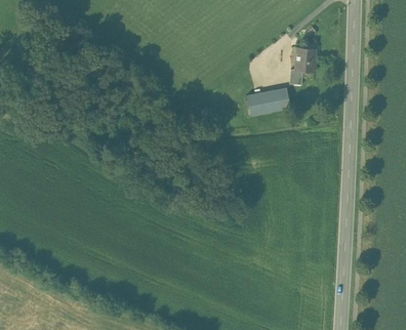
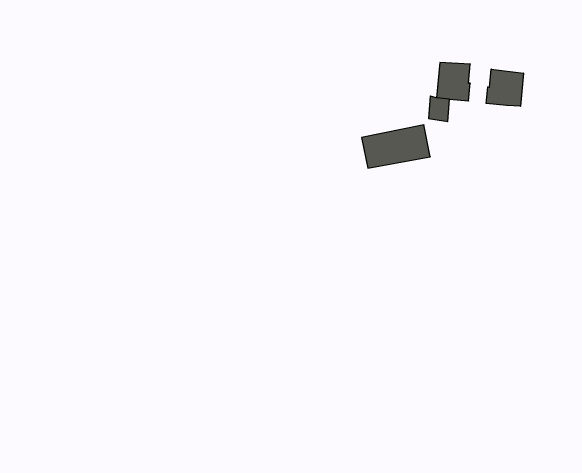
building: none -> [486,69,523,106]

